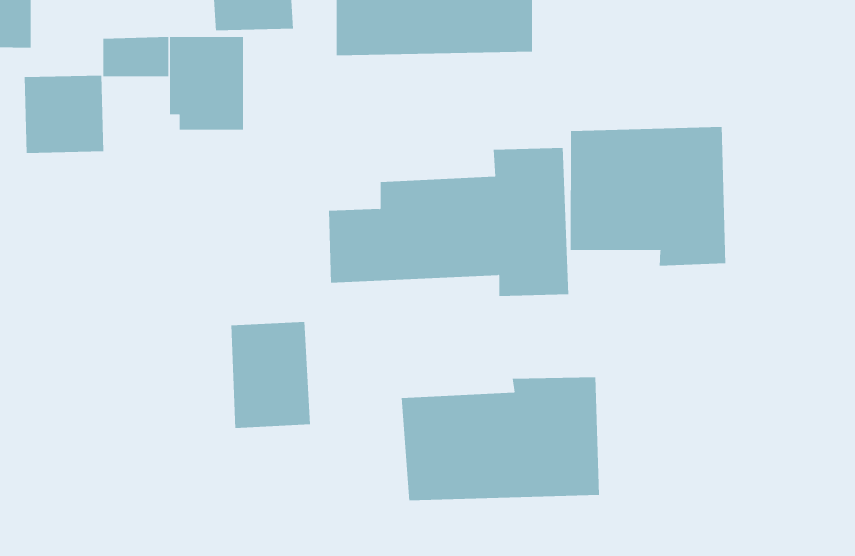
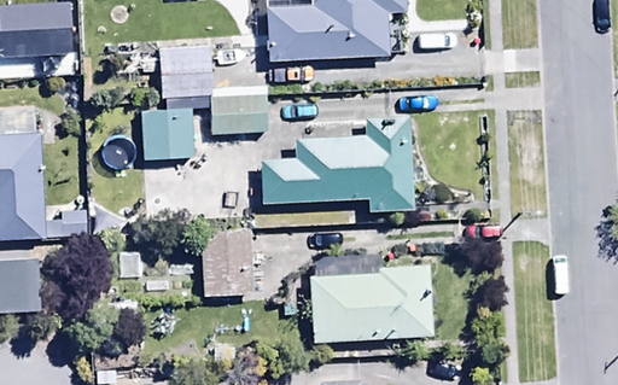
building: [24,75,104,153] -> [141,110,192,159]
building: none -> [209,93,268,133]
building: [570,126,726,266] -> none

